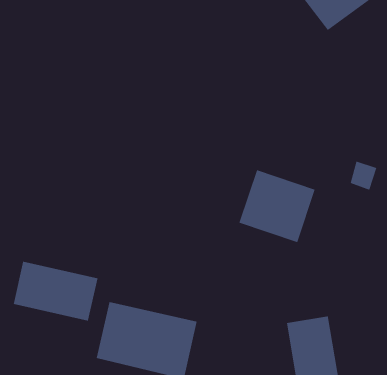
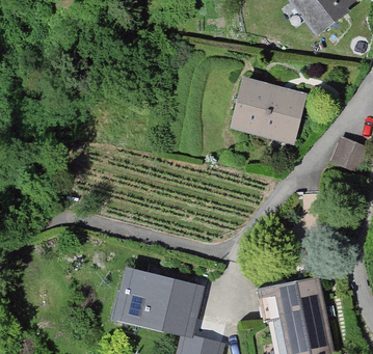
building: [239,169,315,243] -> [231,80,298,144]
building: [13,261,98,322] -> none

